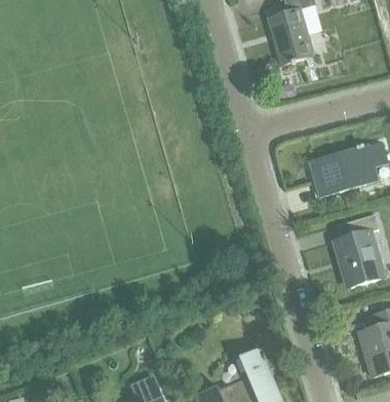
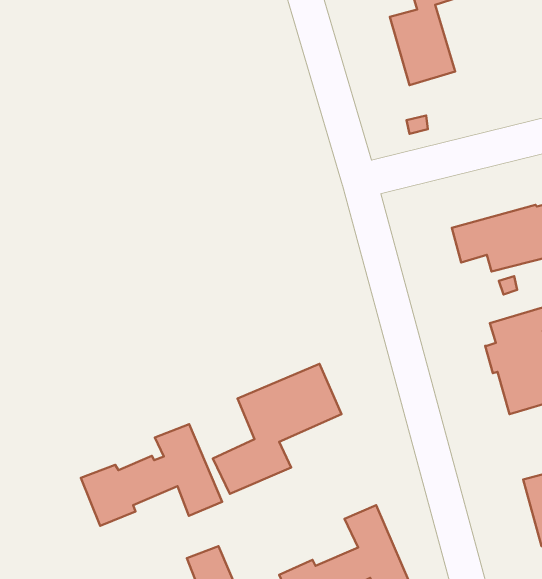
building: none -> [213,364,342,494]
building: none -> [81,424,222,526]

